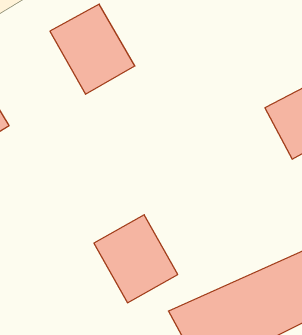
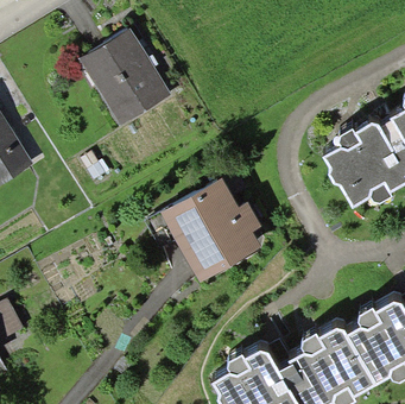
building: [94,215,178,303] -> [163,179,258,279]

